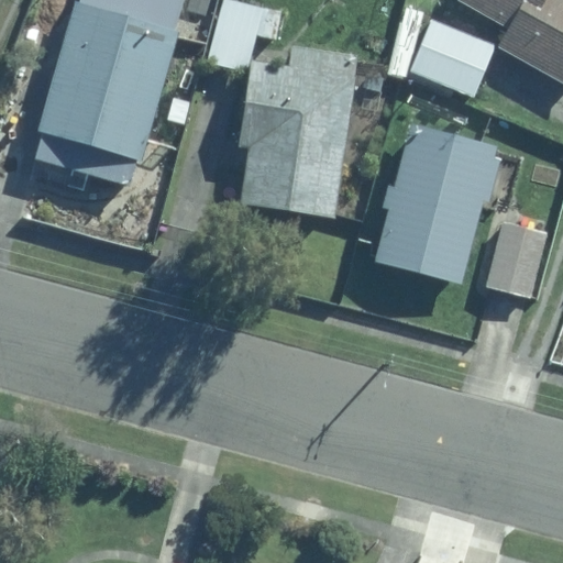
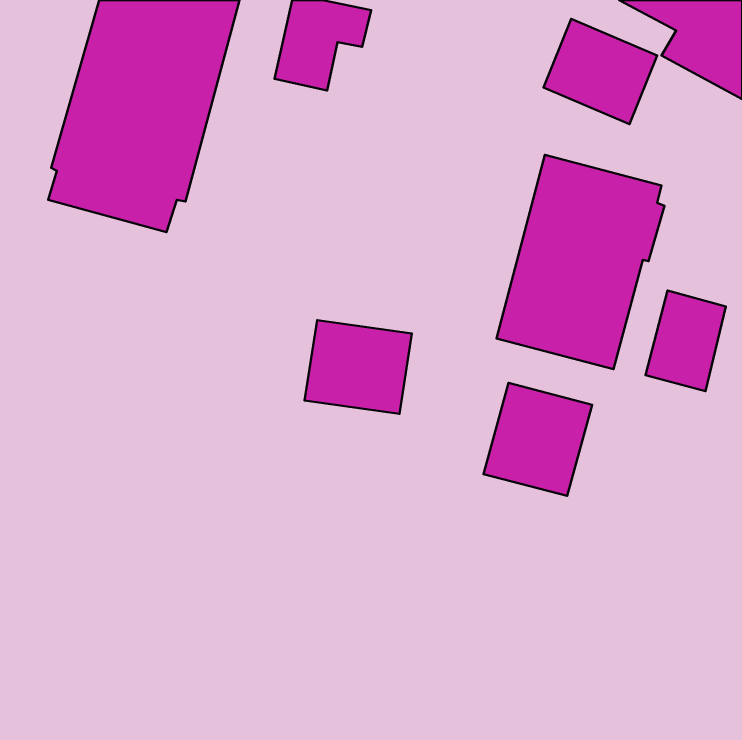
building: [240,45,361,218] -> none
building: none -> [305,320,412,414]
building: none -> [483,383,592,496]

